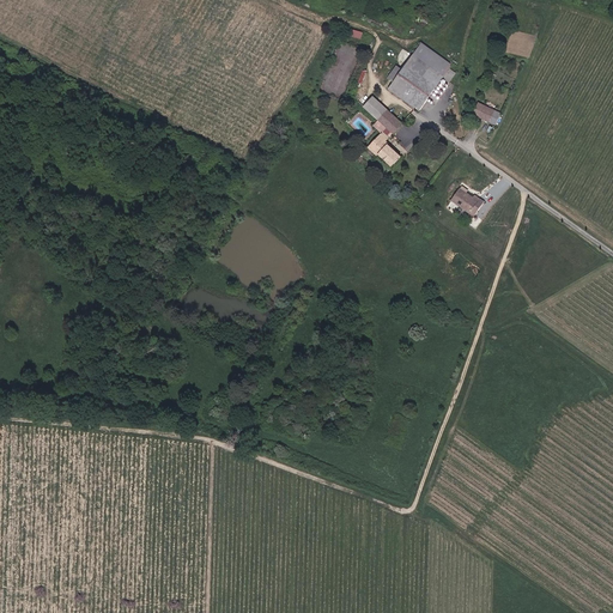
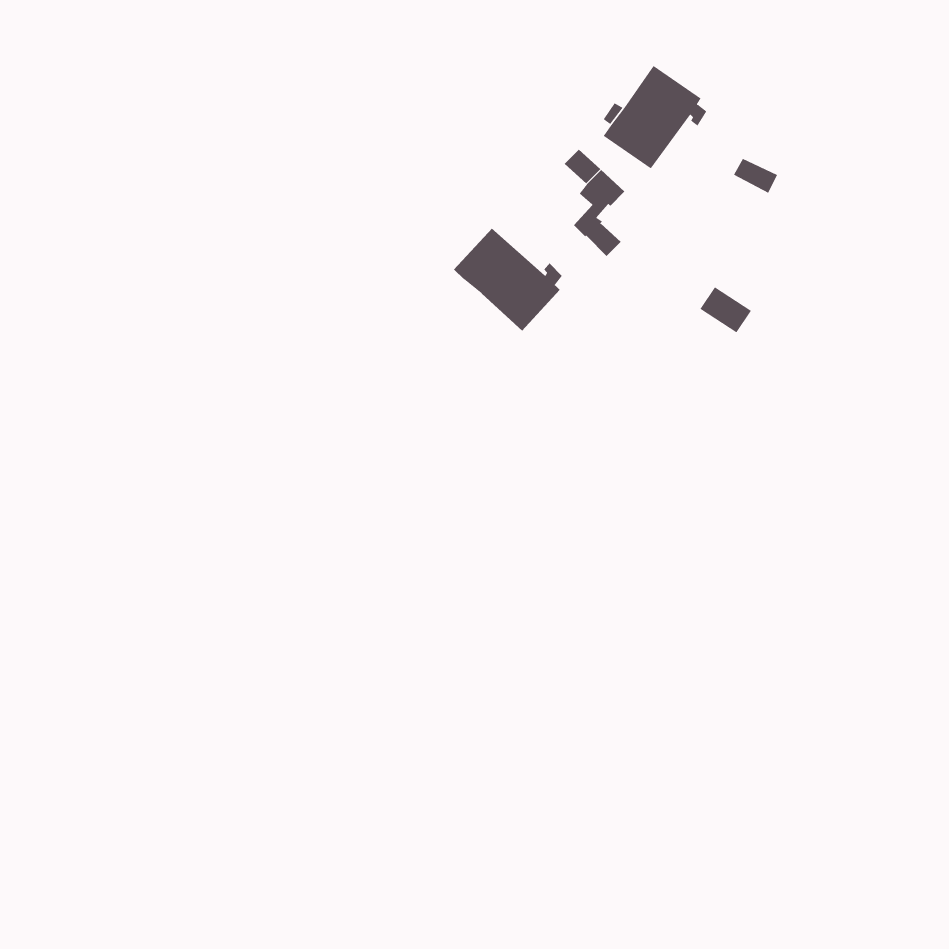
building: none -> [453,228,563,332]

